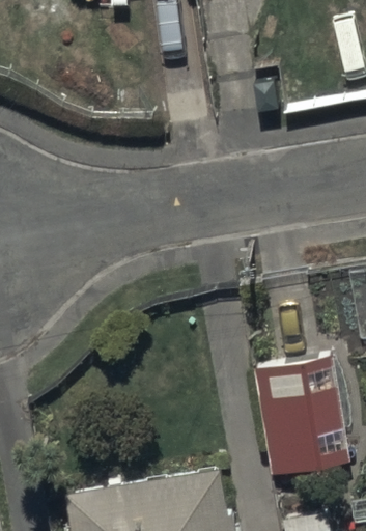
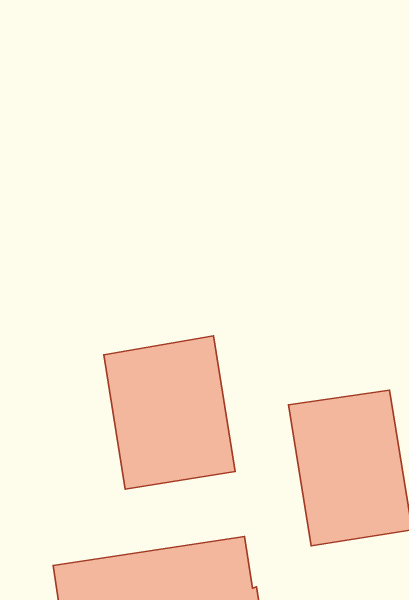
building: none -> [104,336,235,489]

